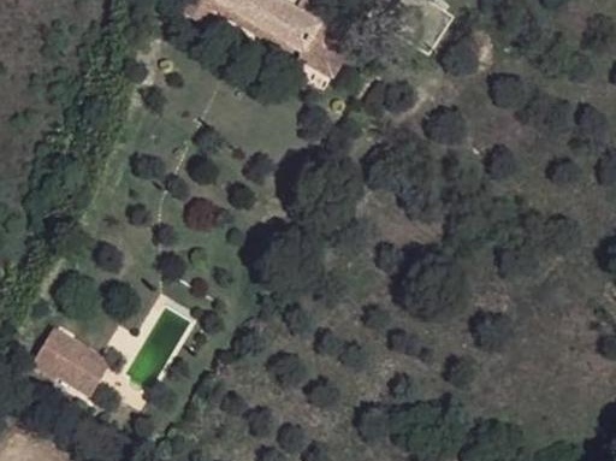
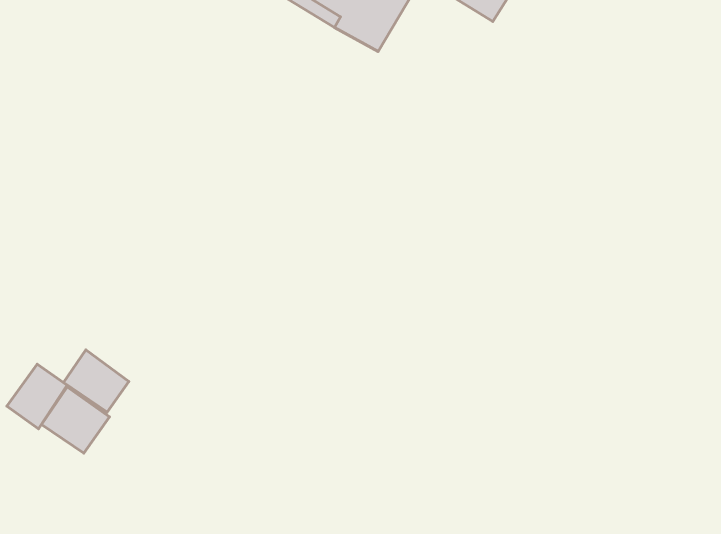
building: none -> [64,350,129,412]

